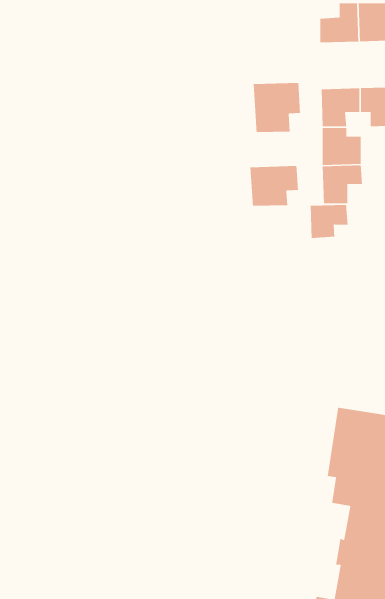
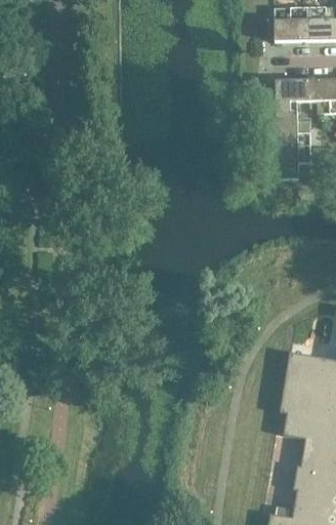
building: [253,82,301,133] -> none
building: [249,165,299,207] -> none
building: [310,204,348,239] -> none

